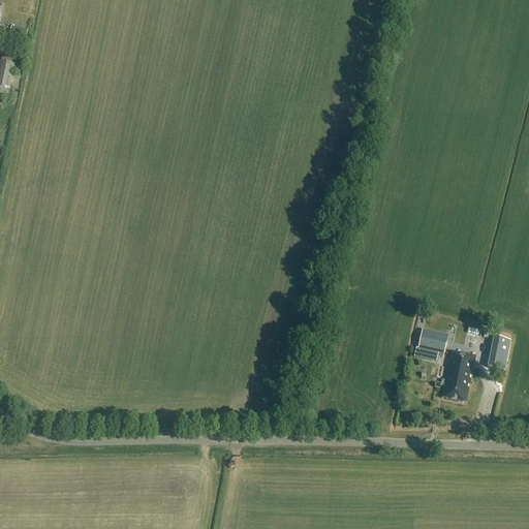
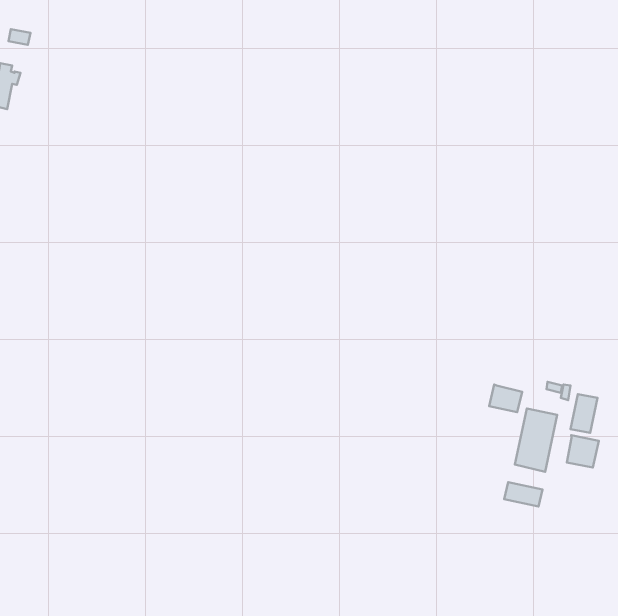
building: none -> [567,435,599,468]
building: none -> [504,482,543,507]

